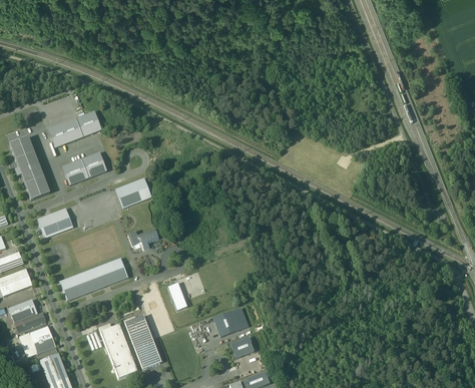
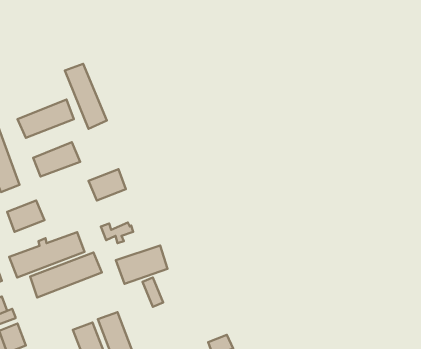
building: none -> [65,64,107,129]
building: none -> [9,232,84,278]
building: none -> [116,246,167,284]
building: [213,307,249,336] -> none

